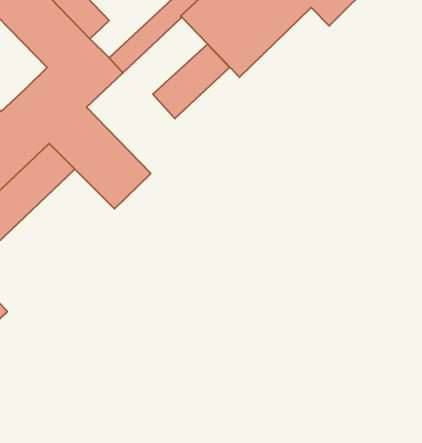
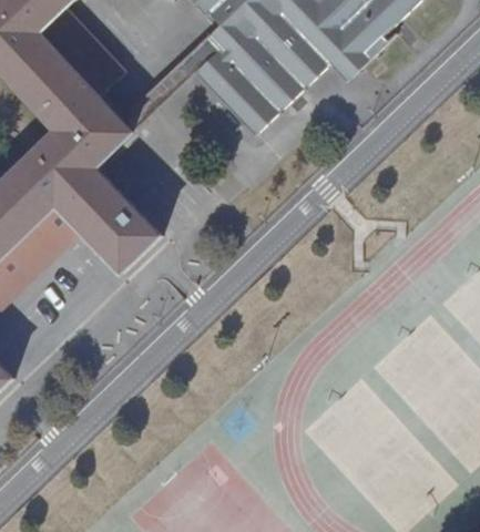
building: [153,44,229,119] -> none

